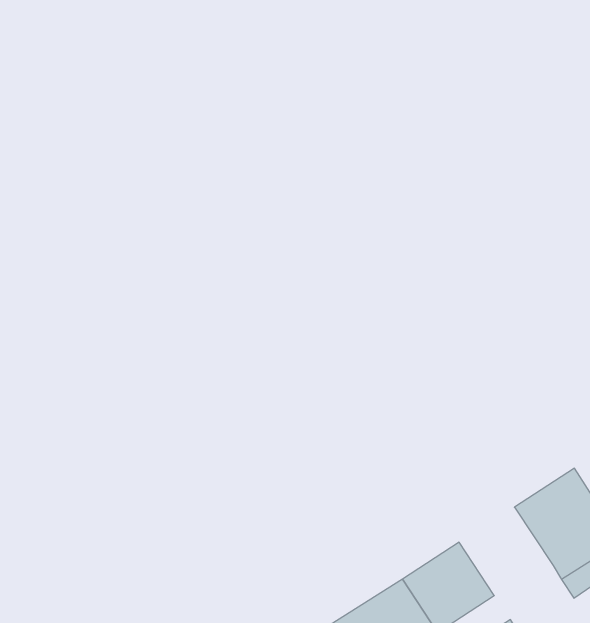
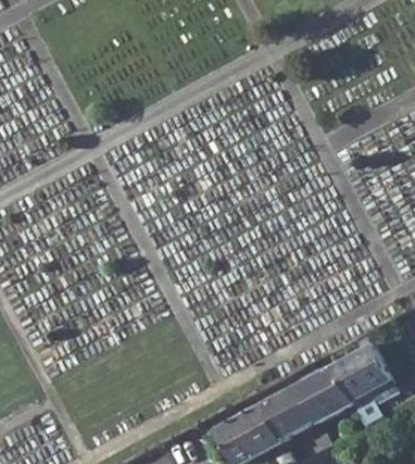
building: none -> [297,367,352,423]

